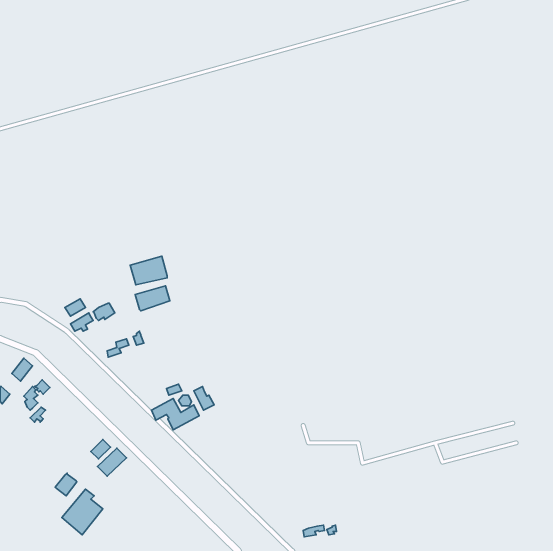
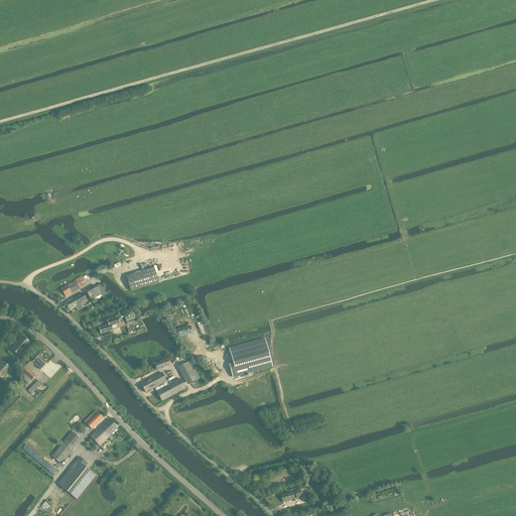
building: [130,256,167,285] -> none
building: none -> [229,337,272,376]

